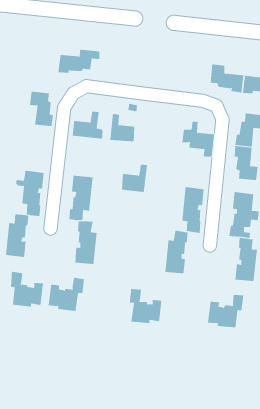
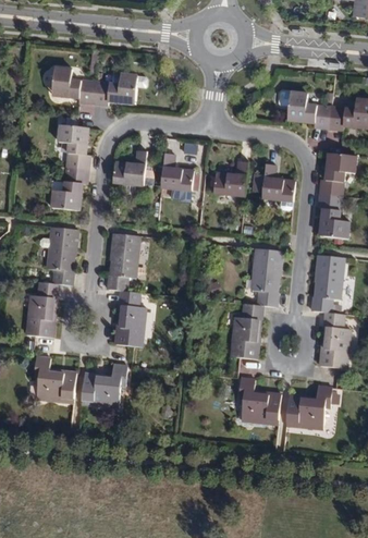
building: none -> [52,65,97,102]
building: none -> [49,169,87,212]
building: [121,164,148,192] -> [213,161,247,197]
building: [129,289,162,324] -> [236,377,279,421]

